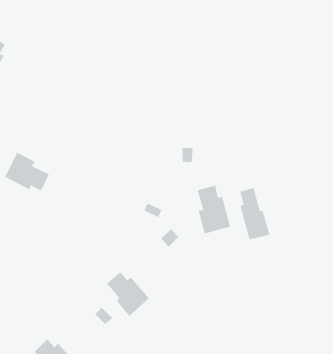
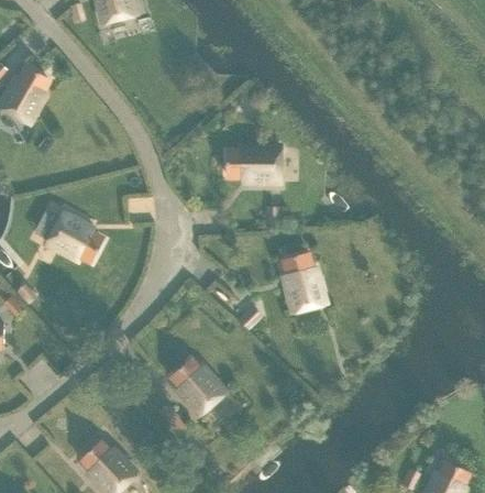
building: none -> [225,145,279,179]
building: [240,187,270,240] -> none

